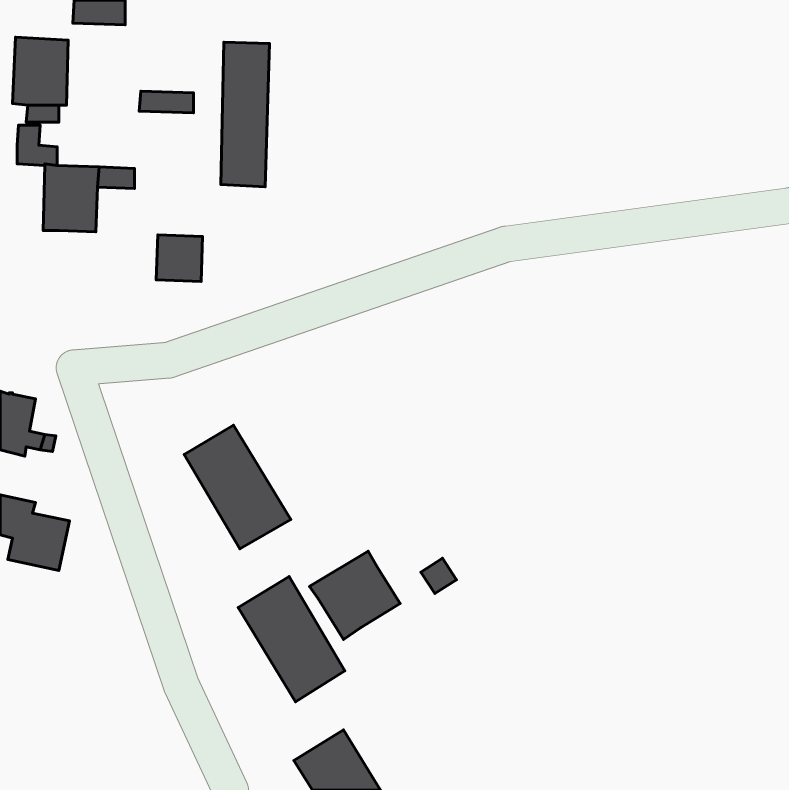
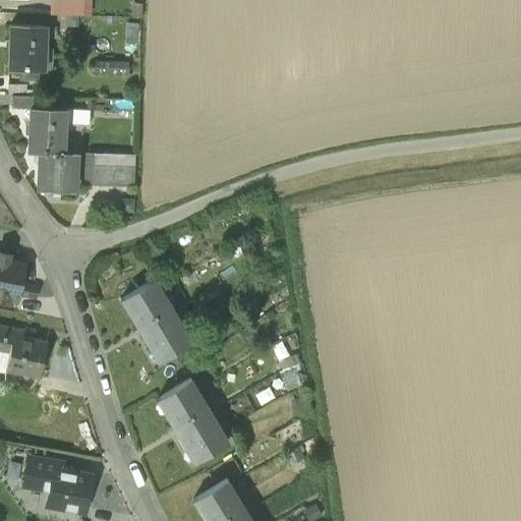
building: [221,42,269,187] -> none
building: none -> [38,152,78,190]
building: none -> [82,154,105,184]
building: [309,551,400,639] -> none
building: none -> [25,458,91,510]

